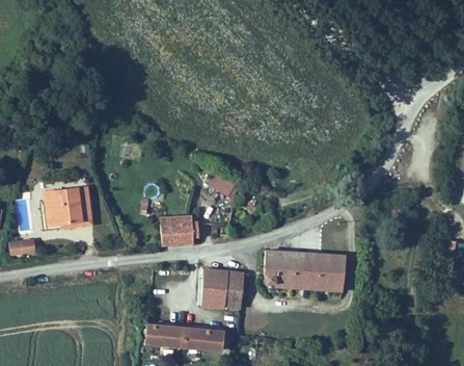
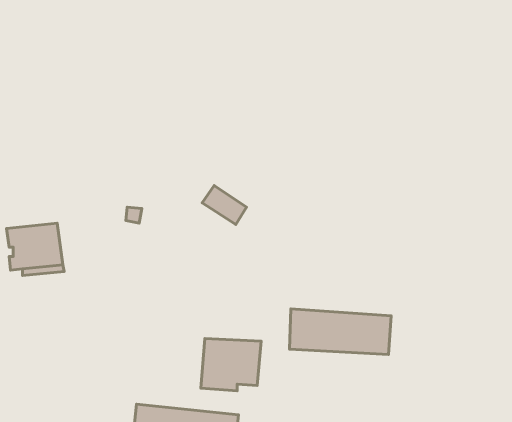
building: [158,216,197,243] -> none

